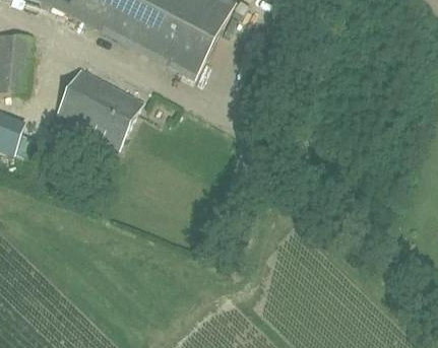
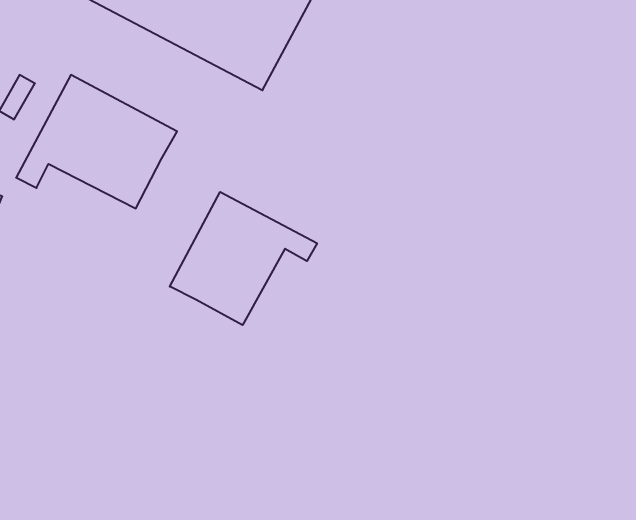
building: none -> [170,192,317,325]

